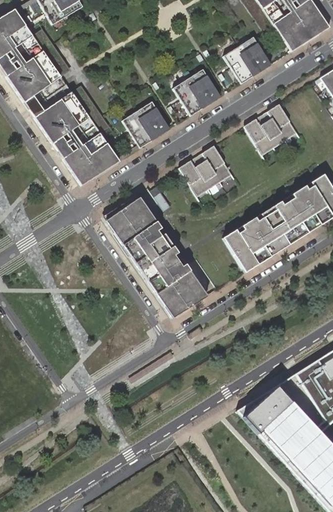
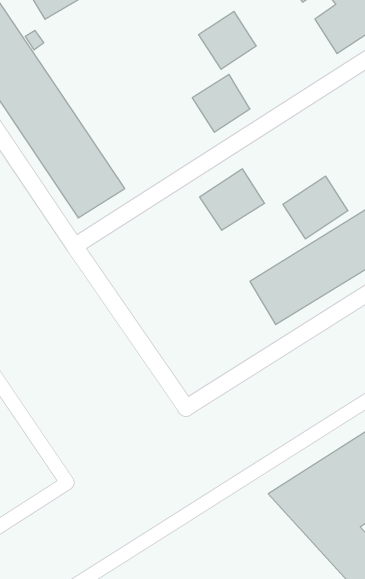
building: [226,36,273,83] -> [199,11,256,69]
building: [125,101,172,147] -> none
building: [246,103,299,154] -> [283,176,348,239]
building: [104,195,205,317] -> none

